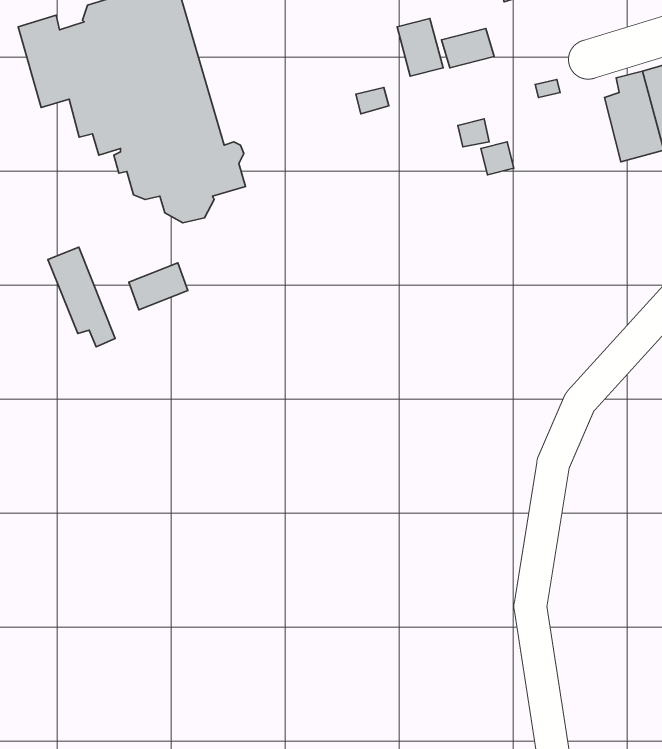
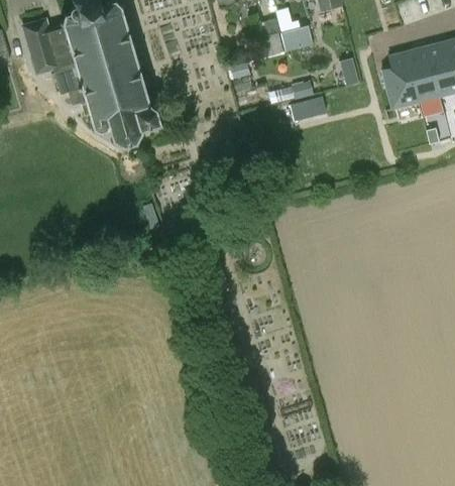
building: [48,247,115,347] -> none
building: [129,263,188,310] -> none

